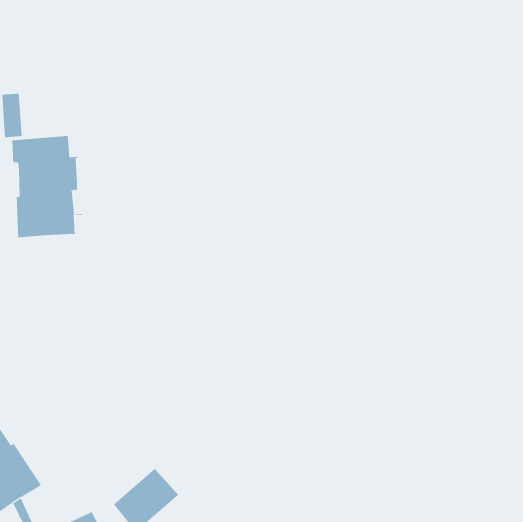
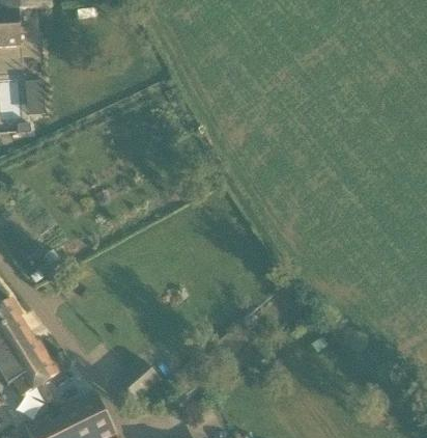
building: [12,135,83,238] -> none

